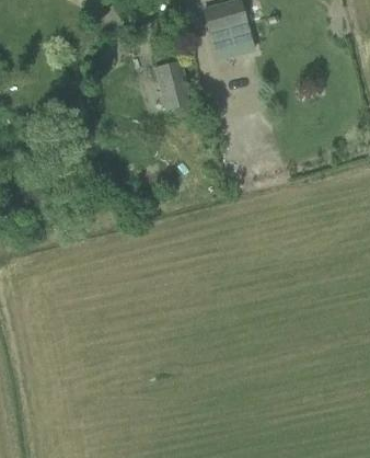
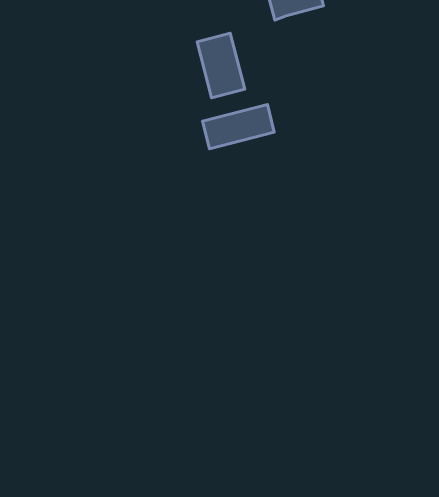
building: none -> [202,105,274,149]

